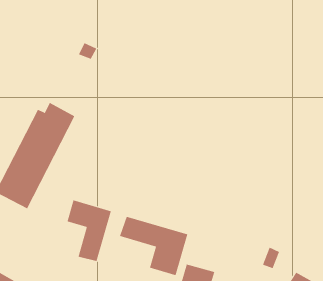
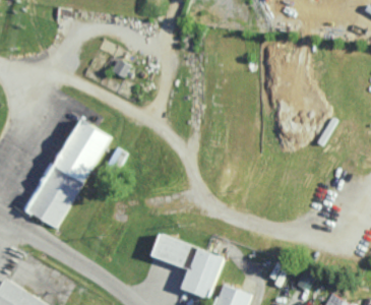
building: [67,199,112,262] -> none

